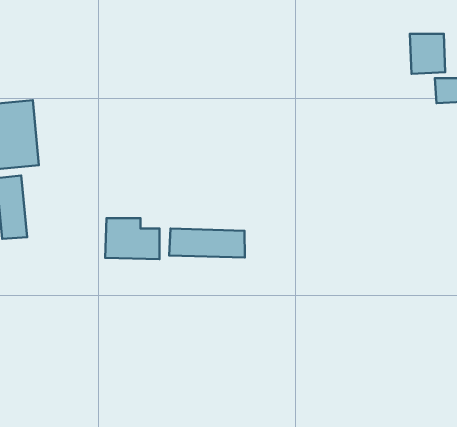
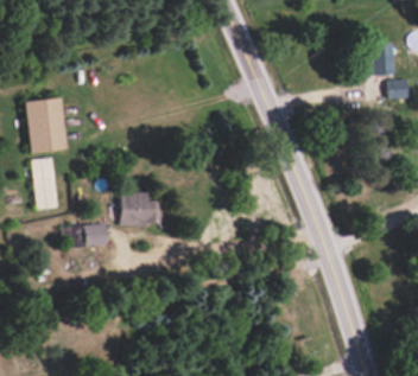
building: [169,229,245,258] -> none
building: none -> [64,222,109,248]

